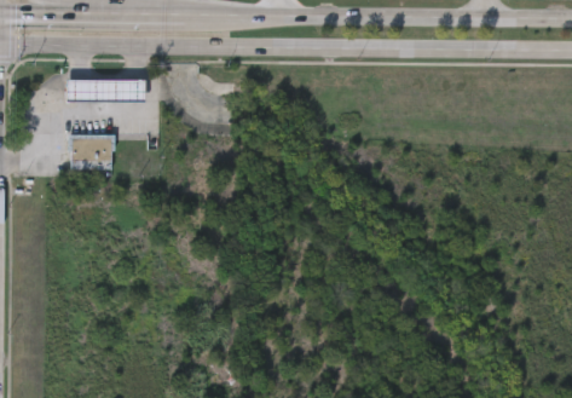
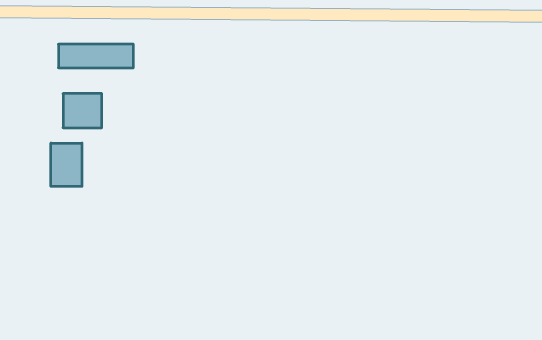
building: none -> [51,143,82,186]

